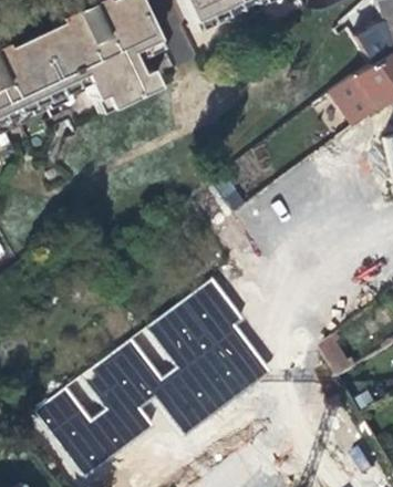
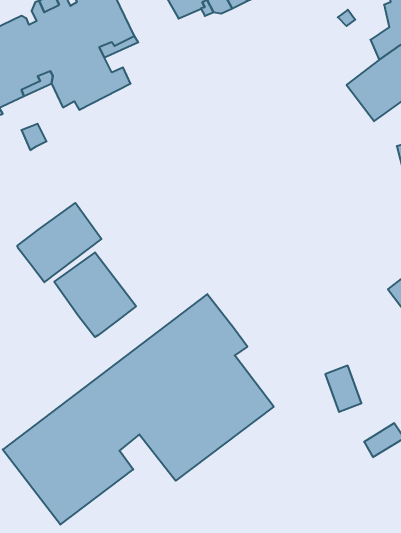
building: none -> [17,203,101,282]
building: none -> [54,252,136,337]

